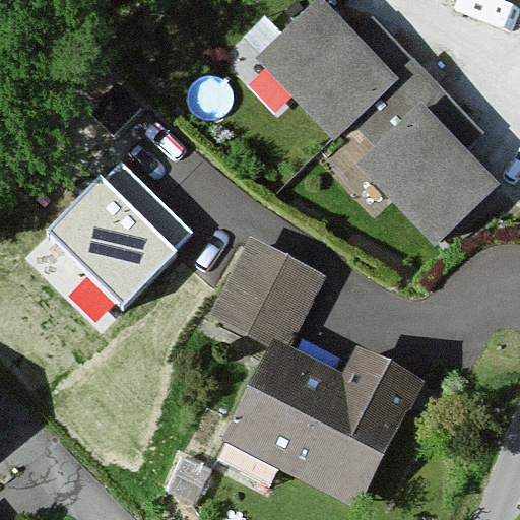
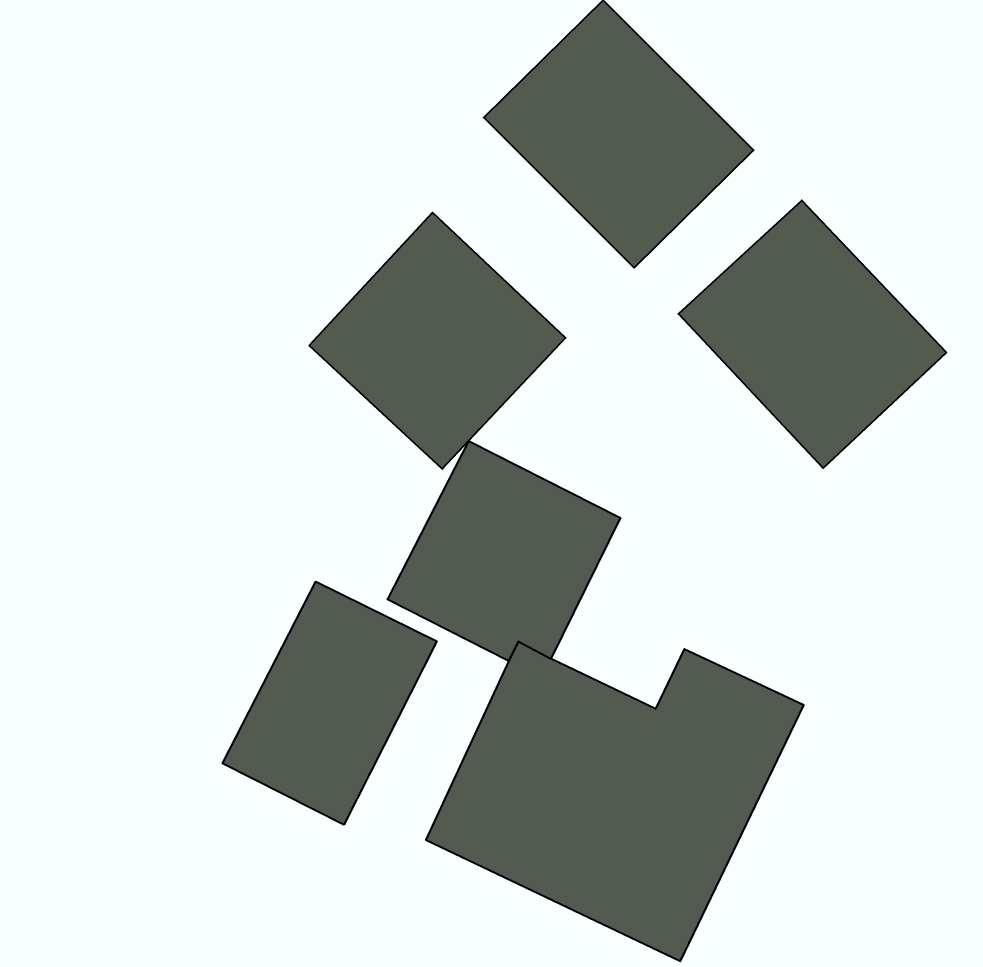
building: [54,157,189,292] -> [309,213,566,469]
building: none -> [223,582,437,825]

